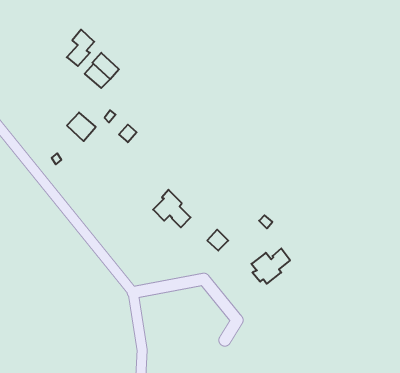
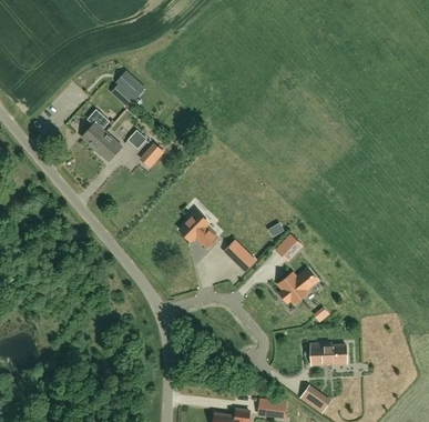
building: [67,30,94,66] -> [81,109,109,145]
building: none -> [309,343,346,365]

